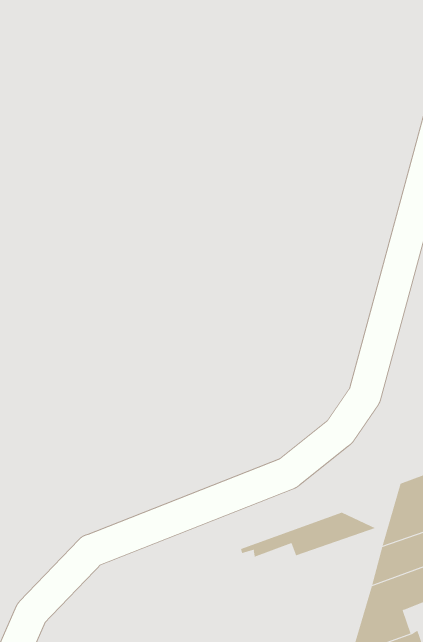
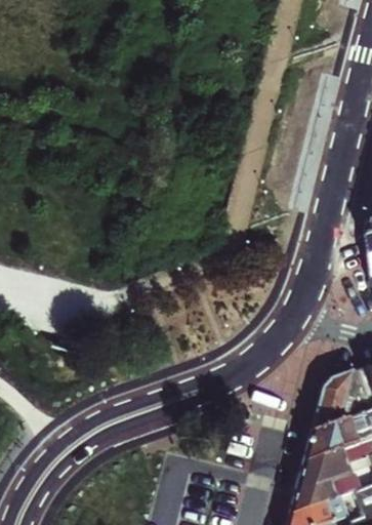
building: [240,512,377,557] -> none

